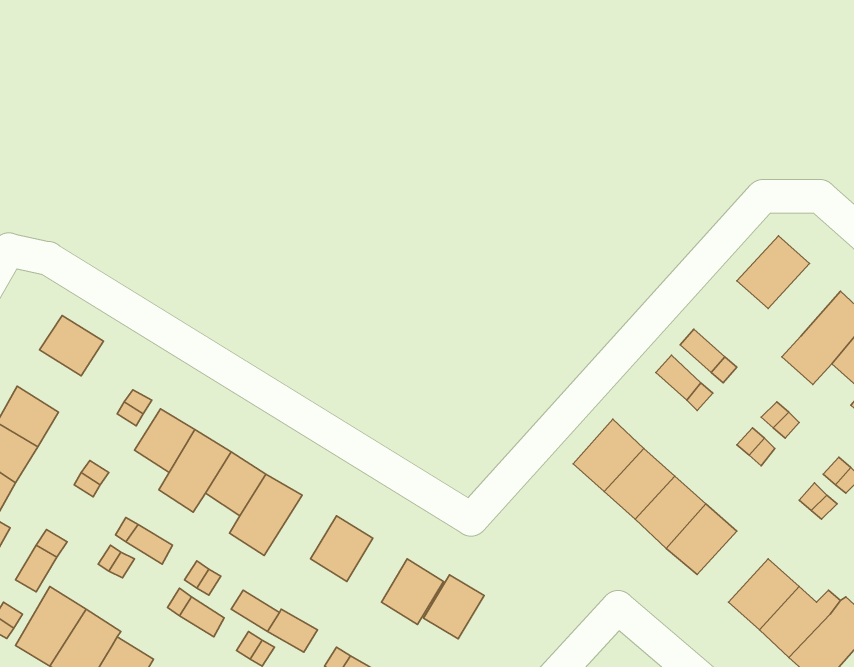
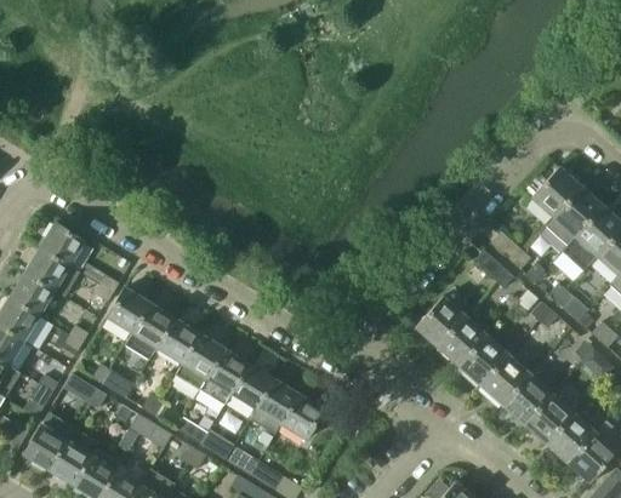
building: none -> [552,187,603,237]
building: none -> [24,247,80,297]
building: none -> [198,349,249,406]
building: none -> [502,374,552,424]
building: [424,575,484,639] -> [256,379,298,424]

